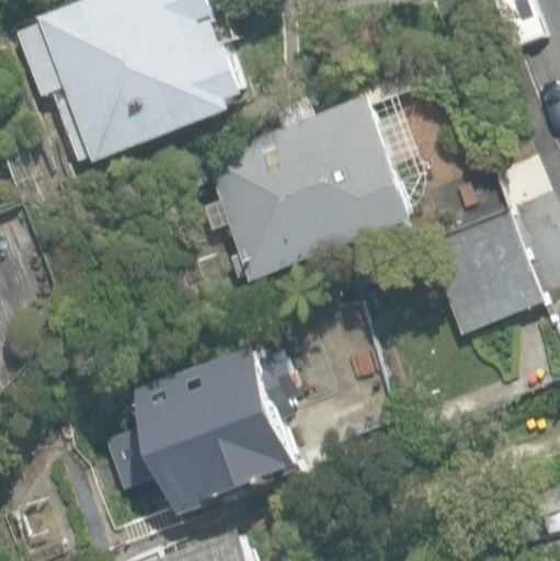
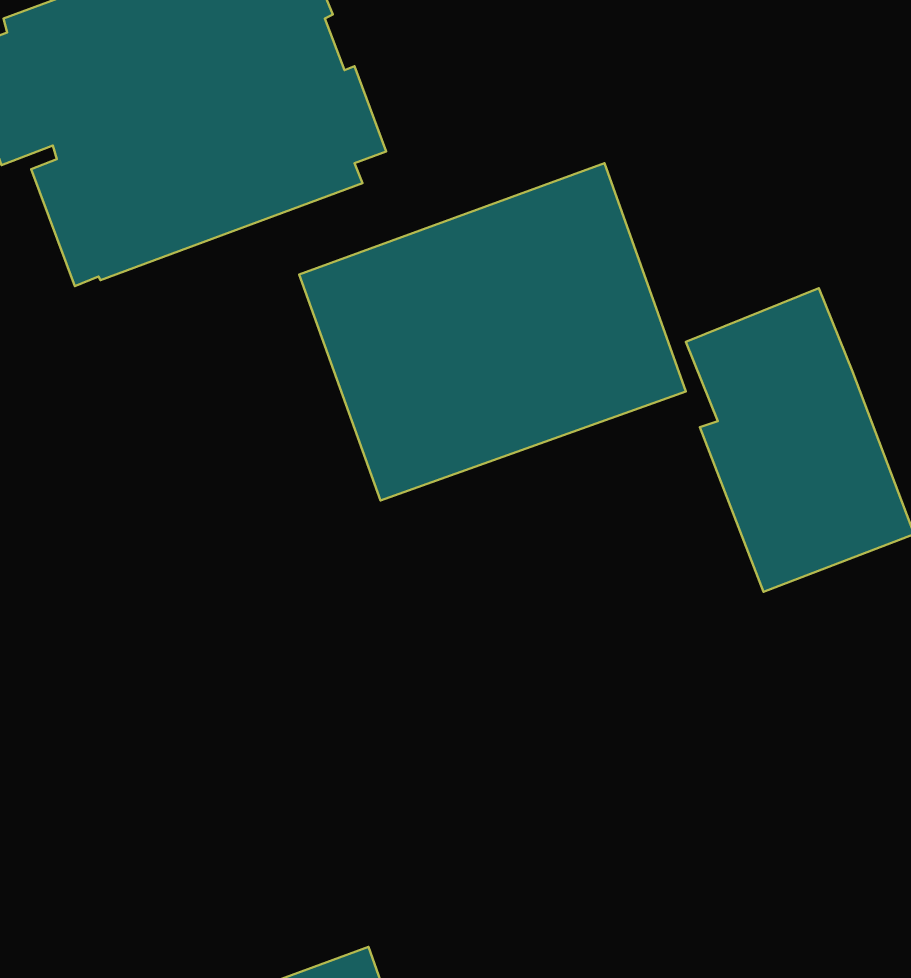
building: [102,344,306,510] -> none

